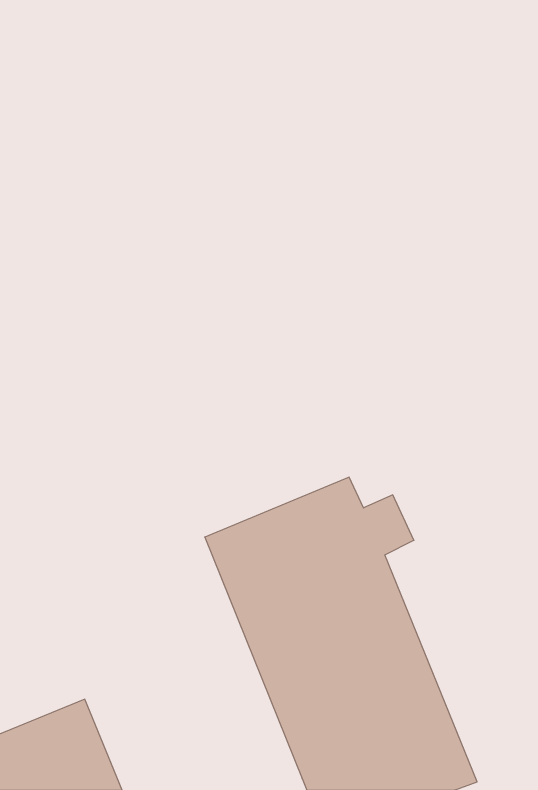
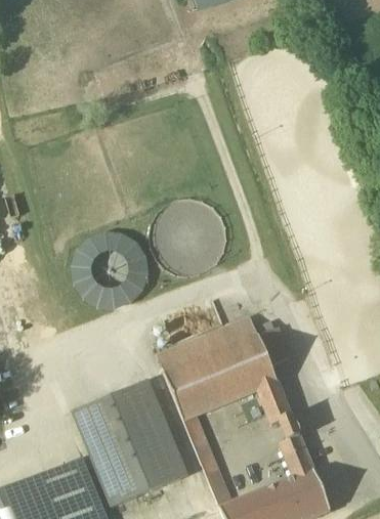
building: none -> [69,226,155,313]
building: none -> [72,380,188,508]

